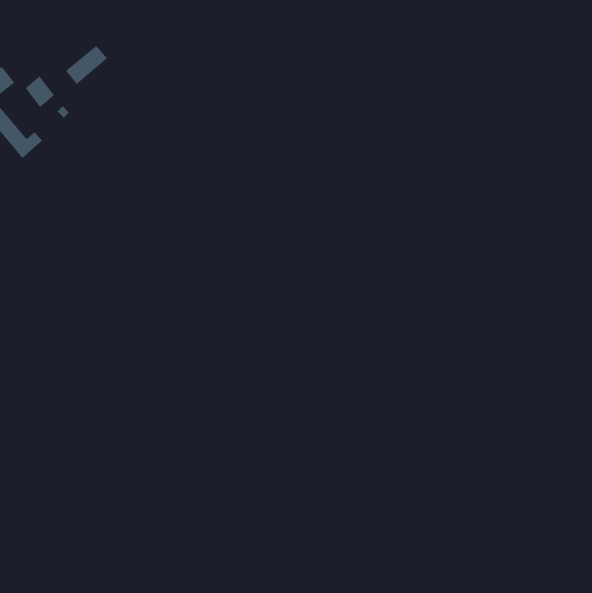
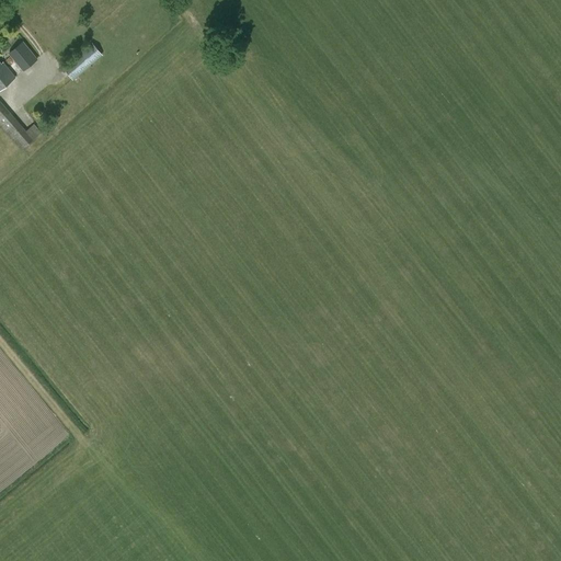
building: [25,75,55,108] -> [8,41,36,71]

